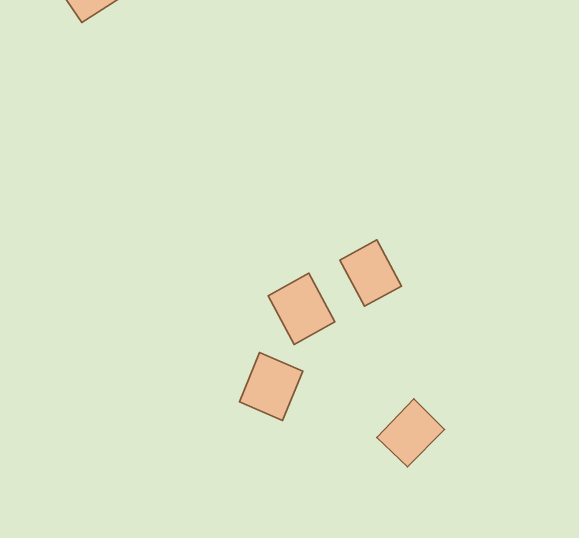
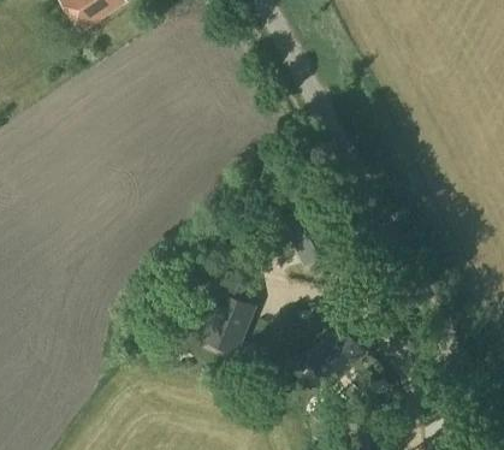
building: [268,273,335,344] -> none

